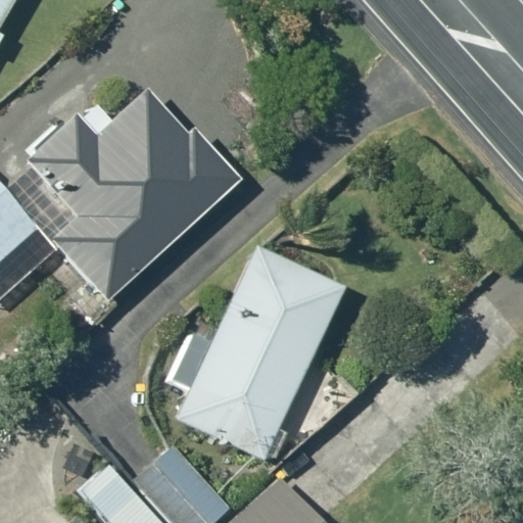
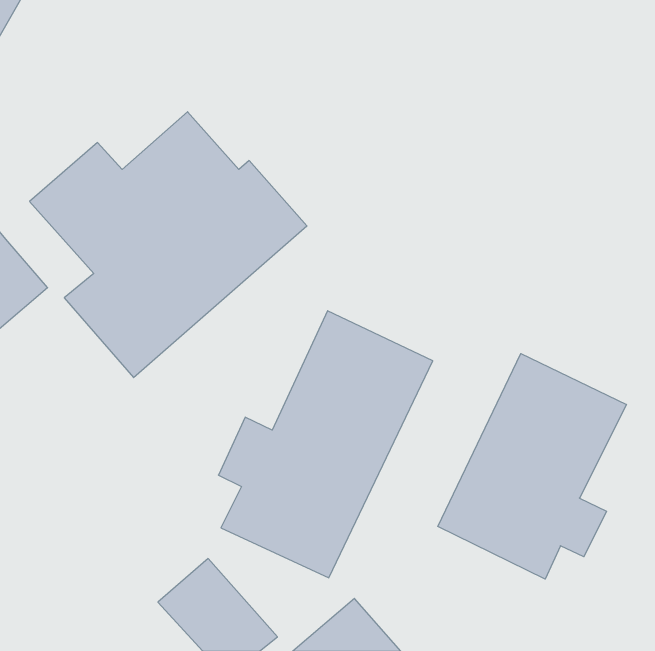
building: none -> [438,354,626,579]

